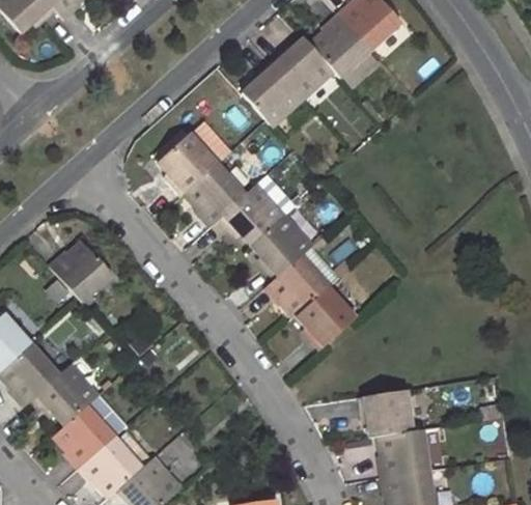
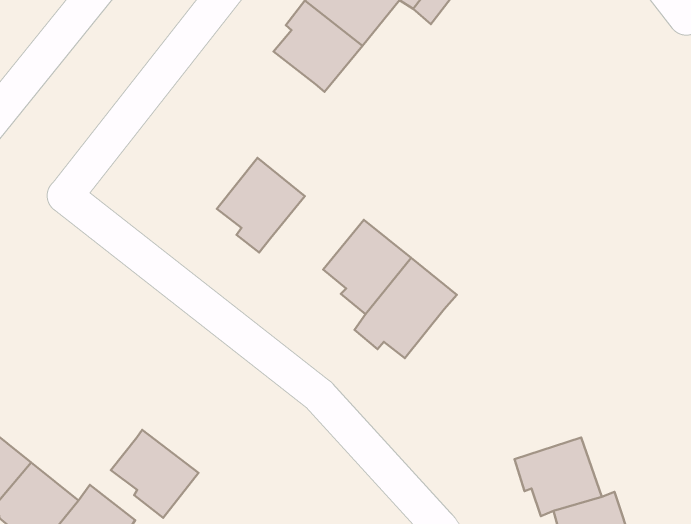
building: [157,118,232,195] -> none
building: [218,185,283,245] -> none
building: [47,240,111,302] -> none
building: [296,285,356,349] -> none
building: none -> [111,430,199,518]

